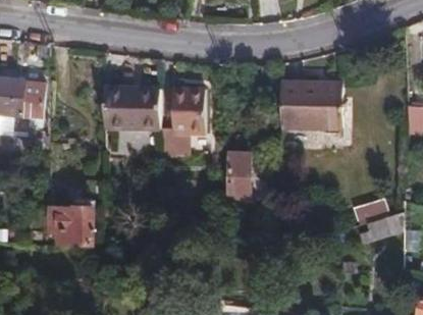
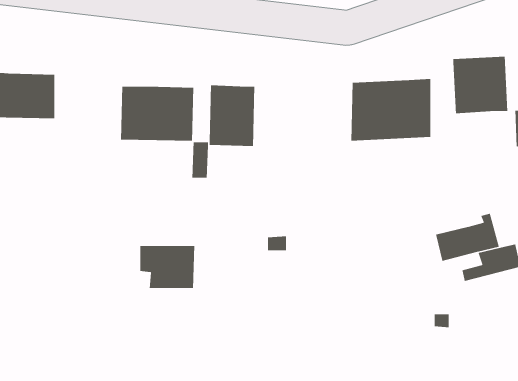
building: none -> [452,56,508,114]
building: [226,153,247,198] -> none
building: [55,212,98,246] -> [140,245,195,289]

